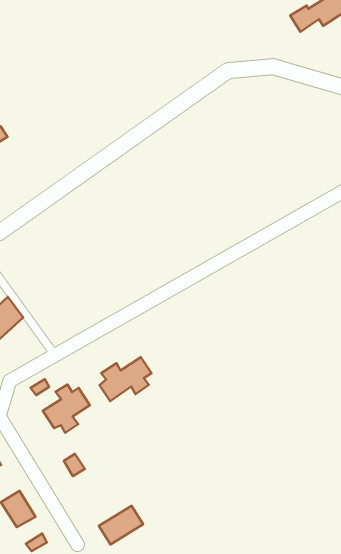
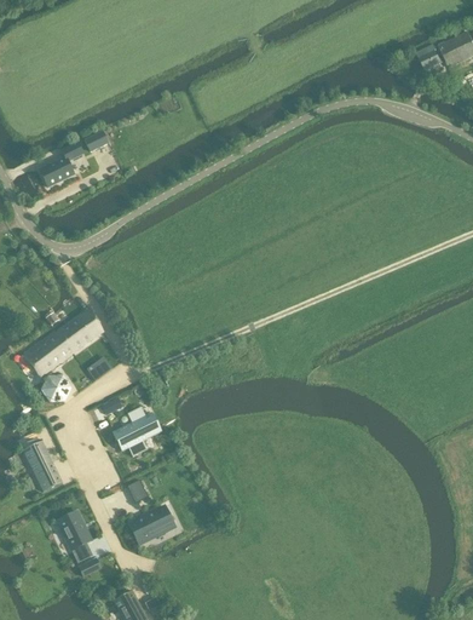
building: [100,357,151,401] -> none
building: [99,506,143,544] -> [128,506,174,544]

